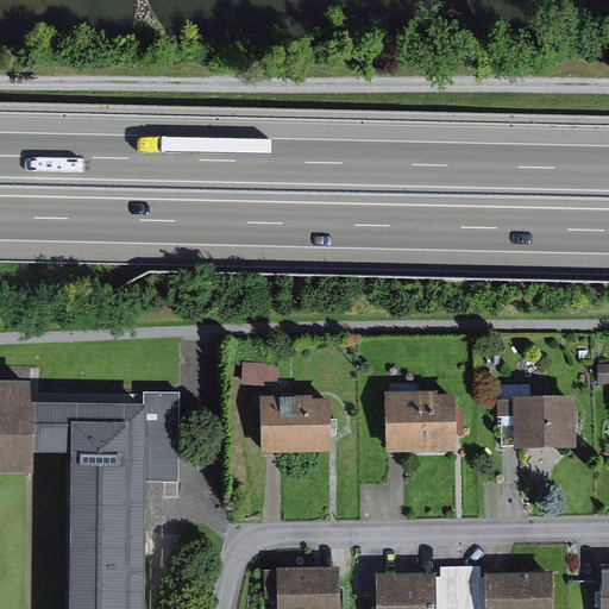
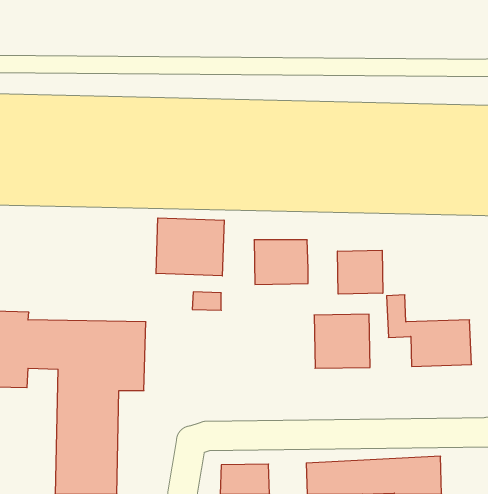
building: none -> [156,218,224,276]
building: none -> [338,250,383,294]
building: [256,398,322,453] -> [254,240,308,284]

